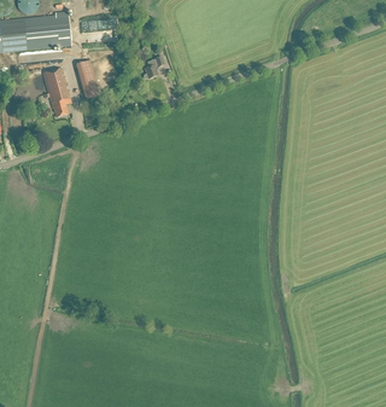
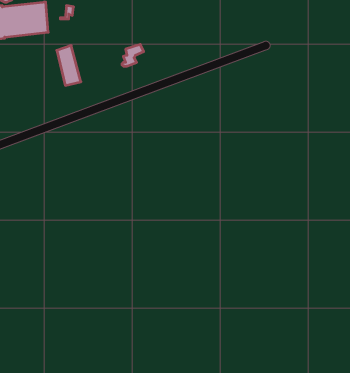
building: [43,68,71,117] -> none

